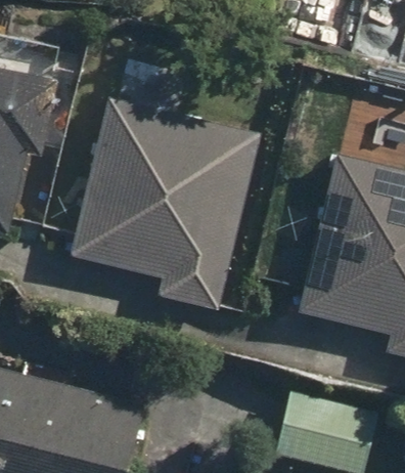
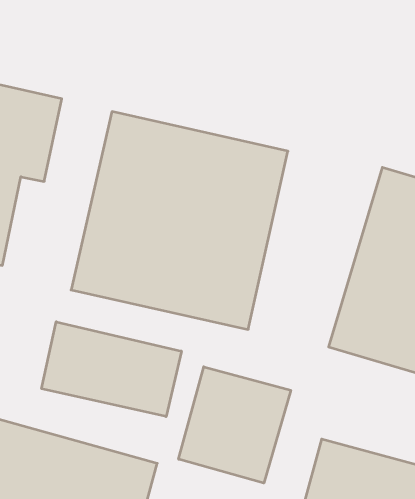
building: none -> [42,322,181,417]
building: none -> [179,367,291,483]

